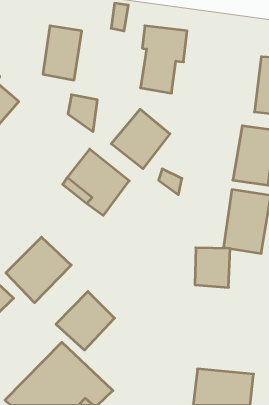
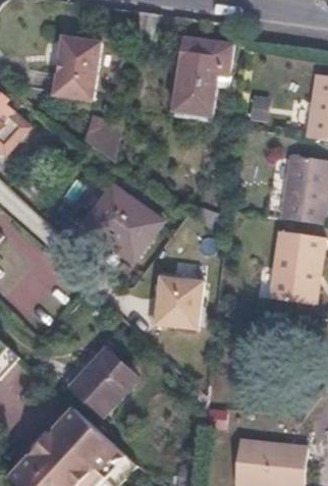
building: [111,109,170,169] -> none
building: [6,237,71,303] -> none
building: [195,248,230,287] -> [161,286,203,333]

